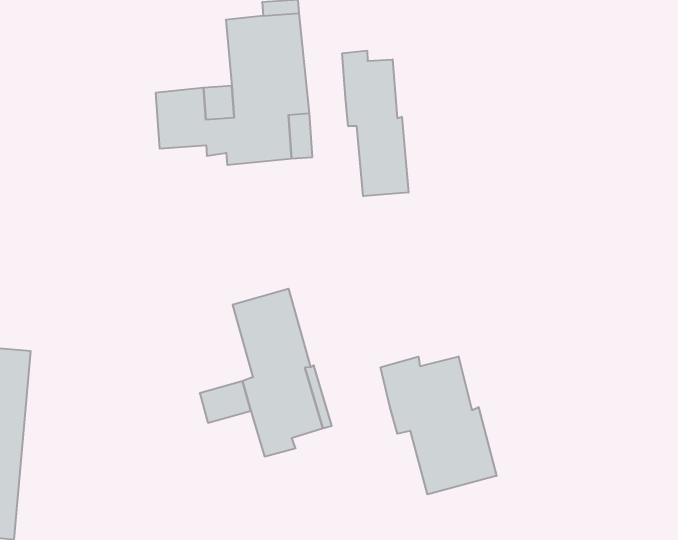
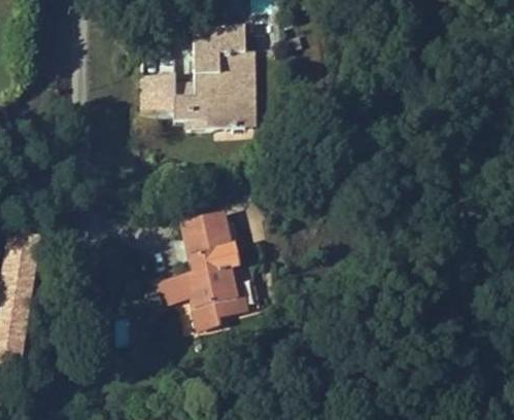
building: [342,51,408,196] -> none
building: [381,356,497,494] -> none

